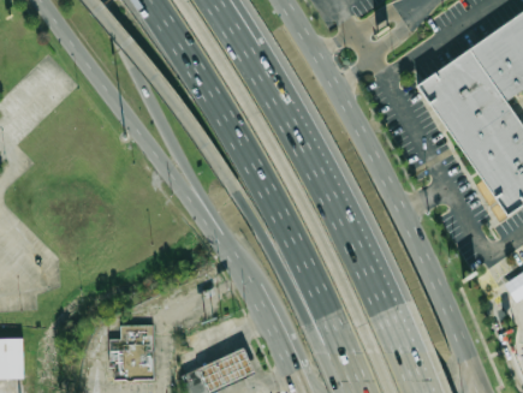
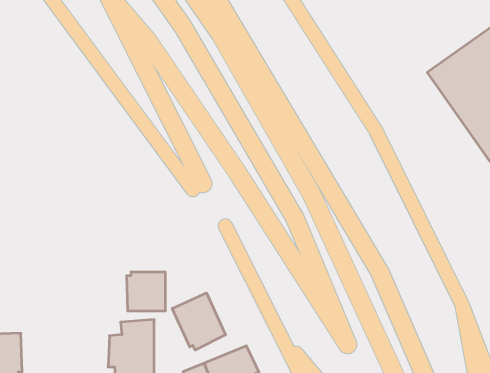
building: none -> [127,272,165,311]
building: none -> [172,293,226,350]

